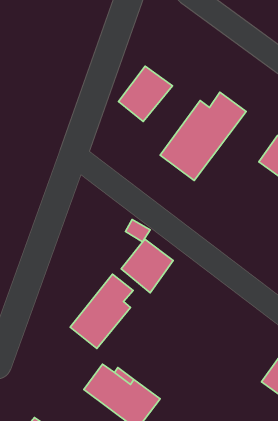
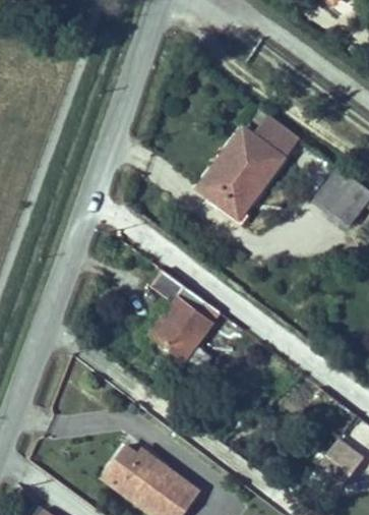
building: [119,66,173,121] -> none
building: [70,274,133,349] -> none

